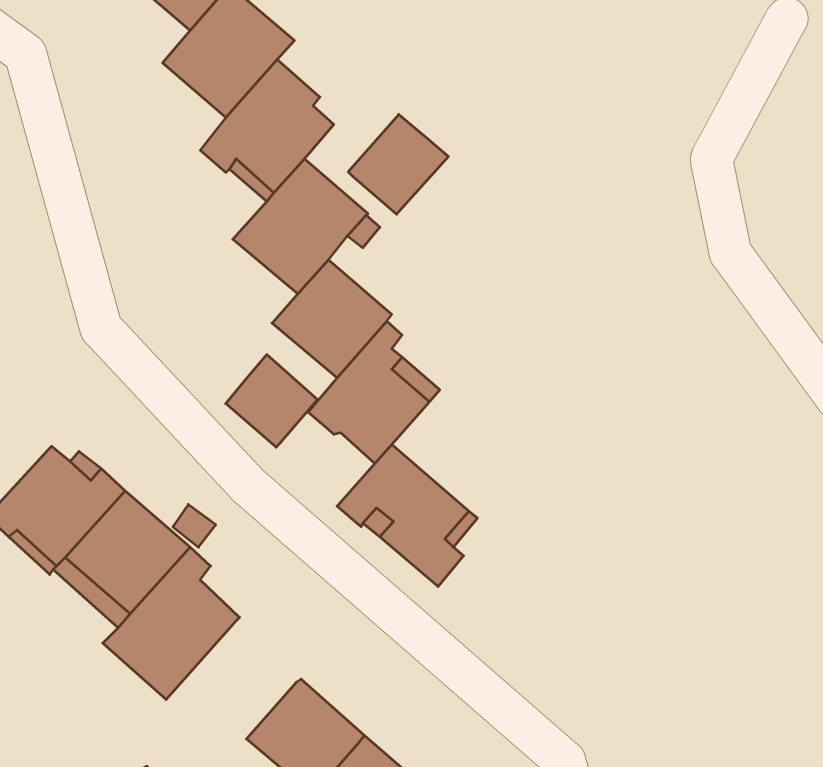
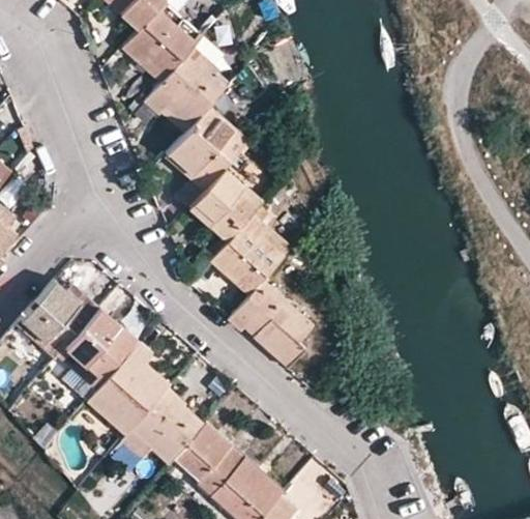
building: [348,114,448,214] -> none
building: [226,355,317,447] -> none
building: none -> [121,387,204,464]

